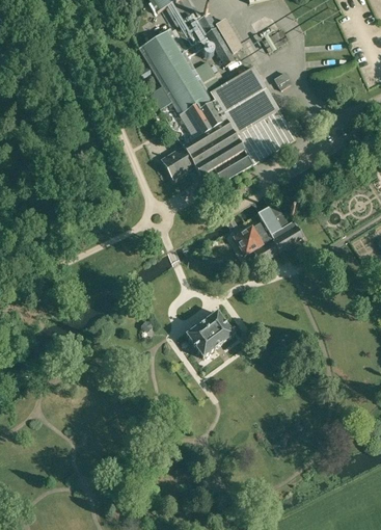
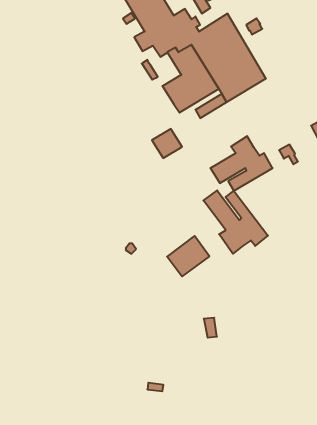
building: [160,147,193,179] -> [152,129,182,158]
building: none -> [203,190,268,254]

